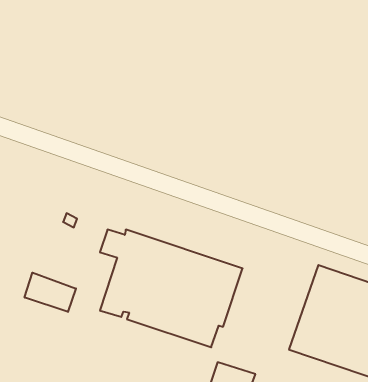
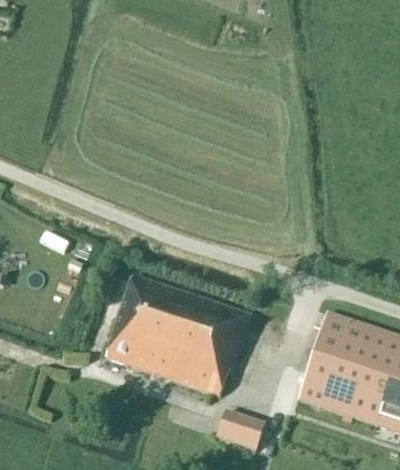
building: [25,273,76,312] -> none

